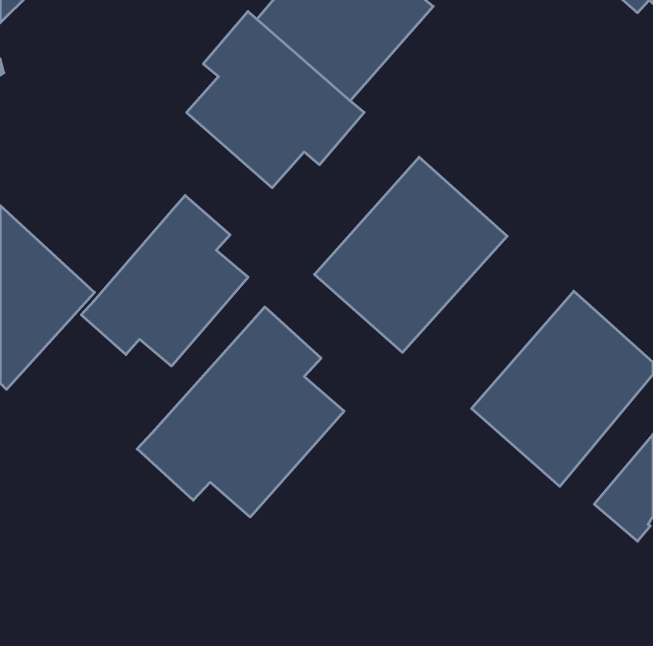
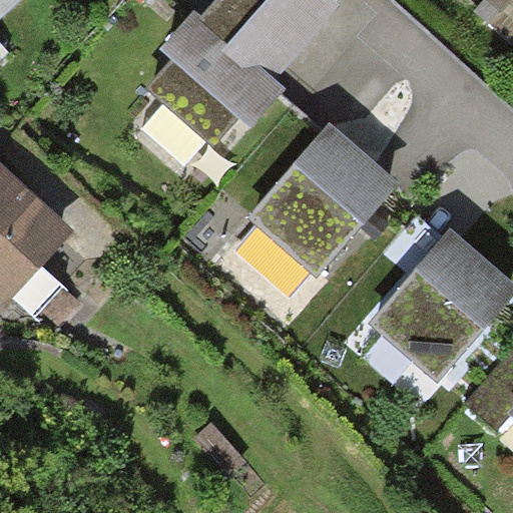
building: [81,195,248,366] -> none
building: [137,307,344,517] -> none

